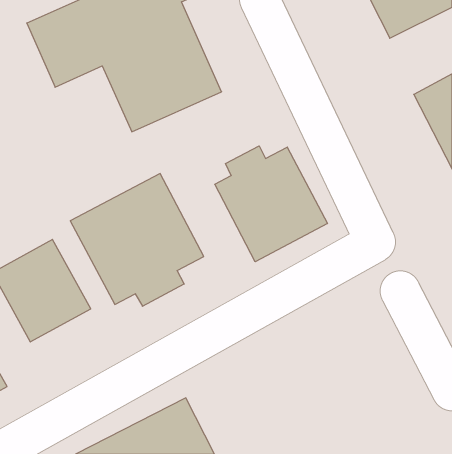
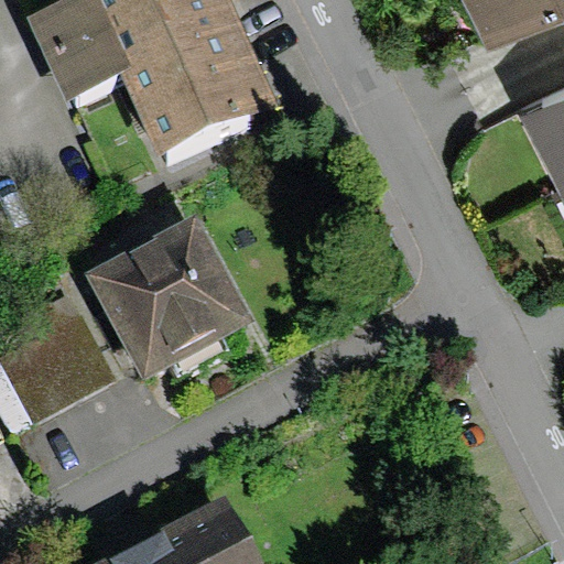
building: [215,146,327,262] -> none

